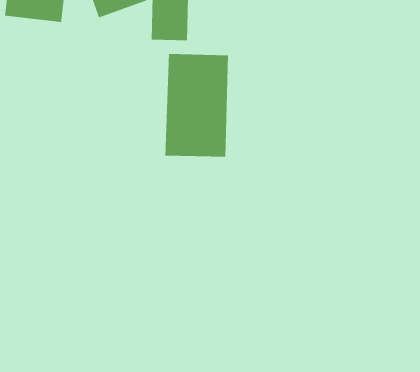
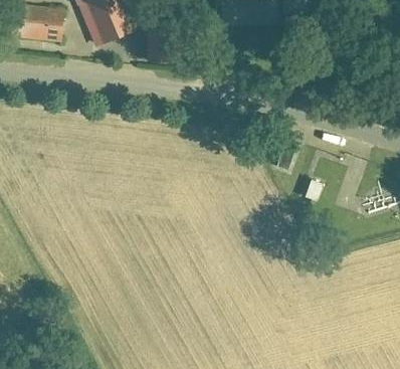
building: [164,53,229,158] -> none

